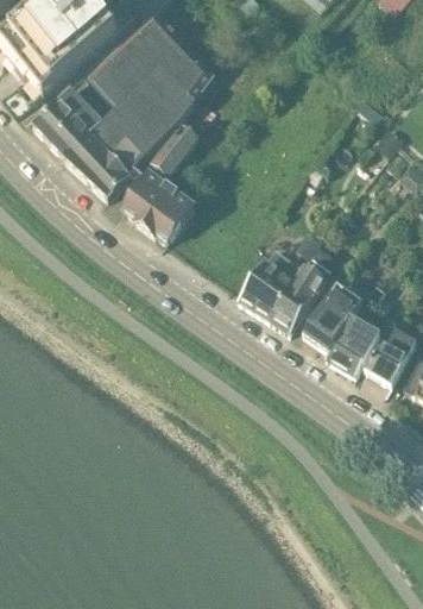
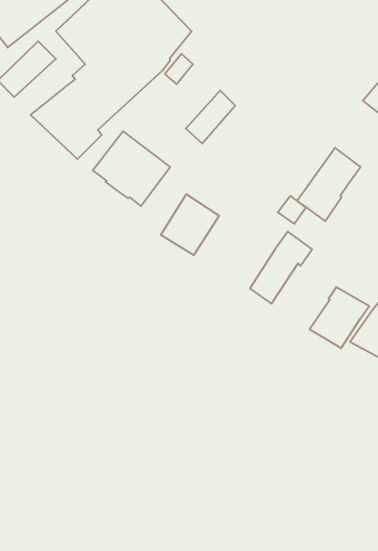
building: [48,101,105,153] -> none
building: [150,124,196,174] -> [186,90,235,144]
building: [238,259,292,316] -> [161,194,219,255]
building: [302,281,361,350] -> [297,148,361,221]

